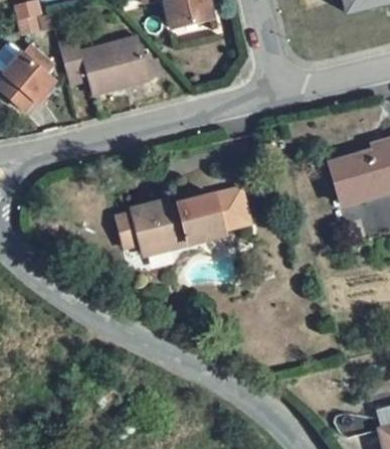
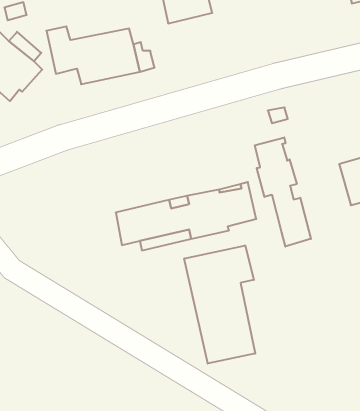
building: none -> [255,137,311,247]
building: none -> [184,245,255,364]

